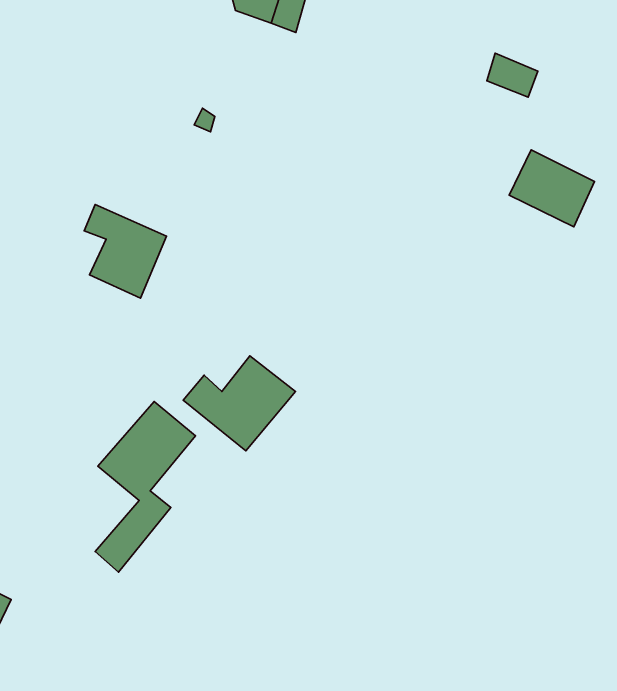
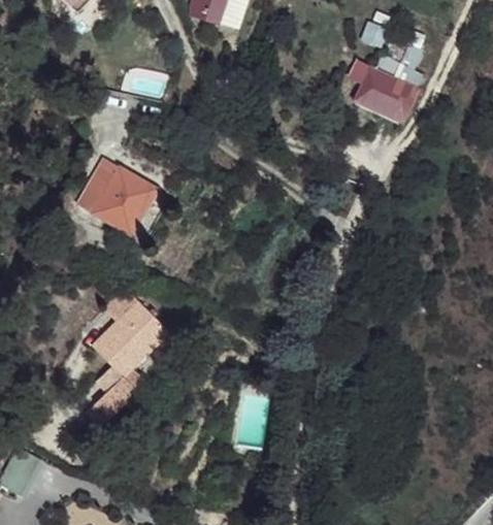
building: [509,150,594,227] -> [351,62,415,120]
building: [183,356,295,451] -> none

